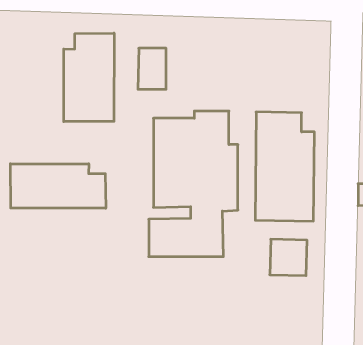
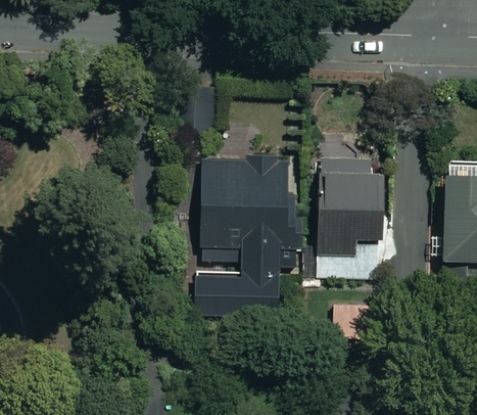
building: [64,33,114,122] -> none
building: [10,164,106,208] -> none

